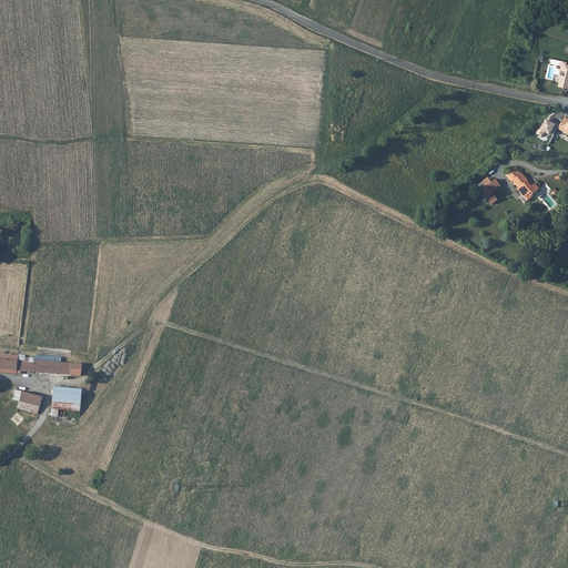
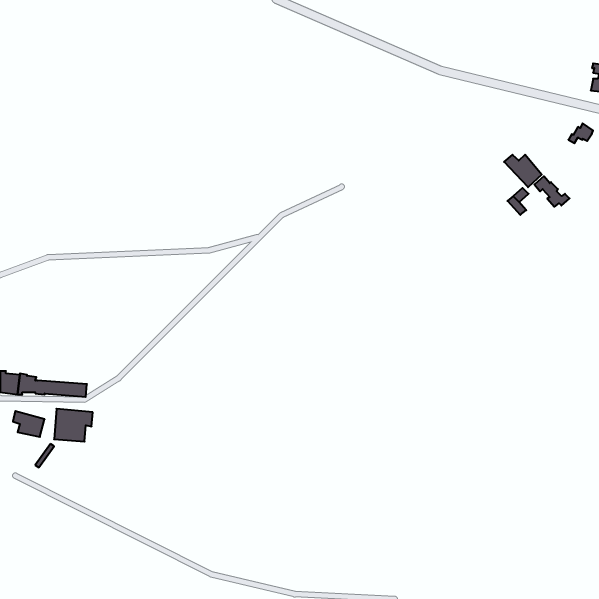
building: none -> [504,155,542,187]

